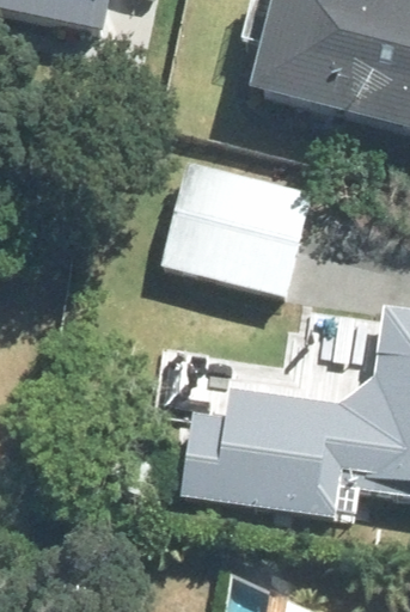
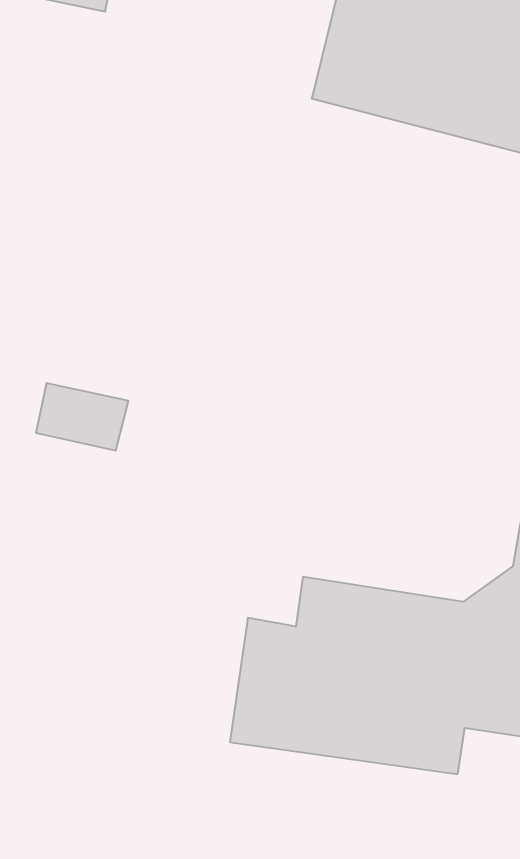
building: [166,166,318,300] -> none

